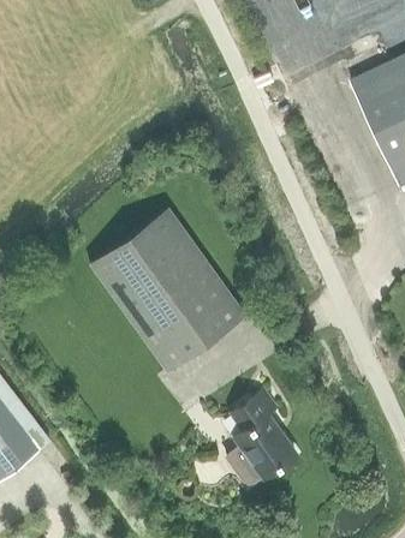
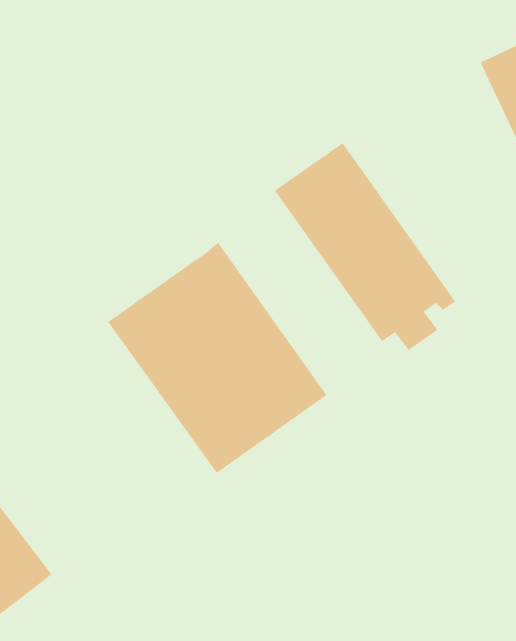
building: none -> [274,142,456,351]
building: [222,390,296,482] -> none

